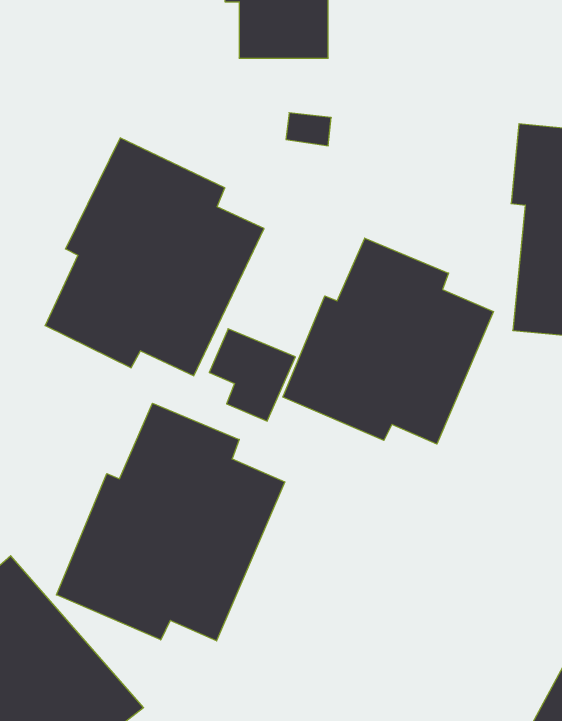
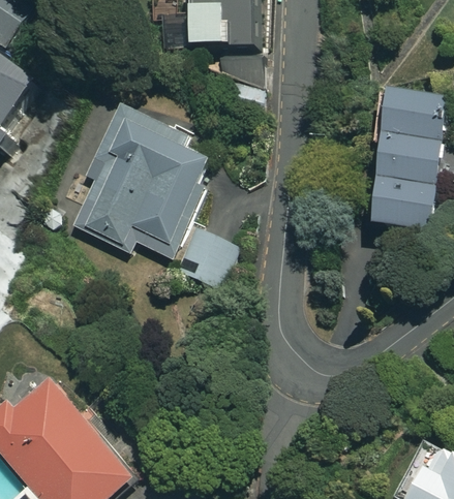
building: [283,238,494,444] -> none
building: [56,403,285,641] -> none

